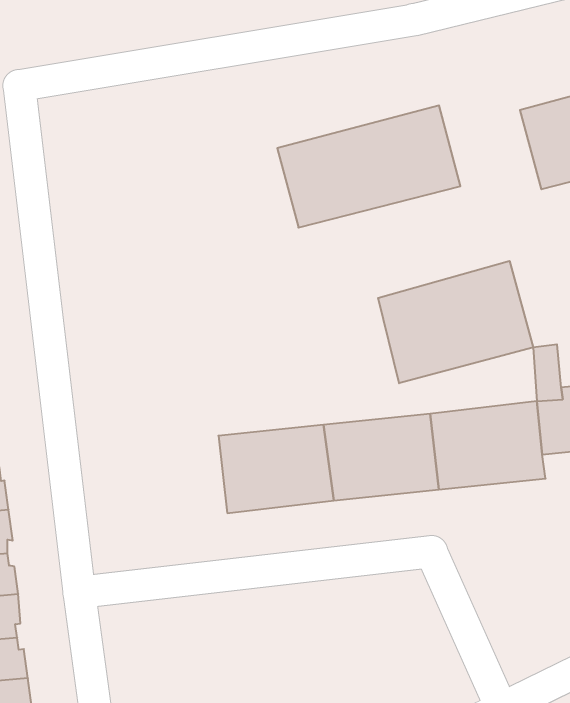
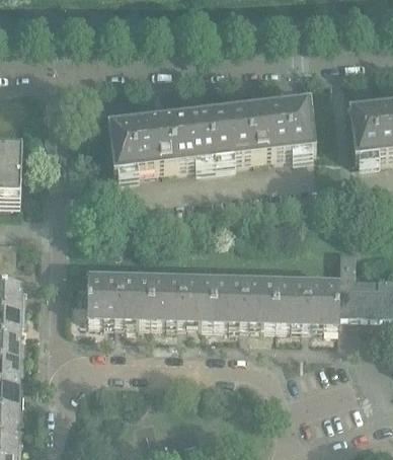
building: none -> [109,111,213,171]
building: [378,261,533,383] -> none
building: none -> [85,270,150,319]

